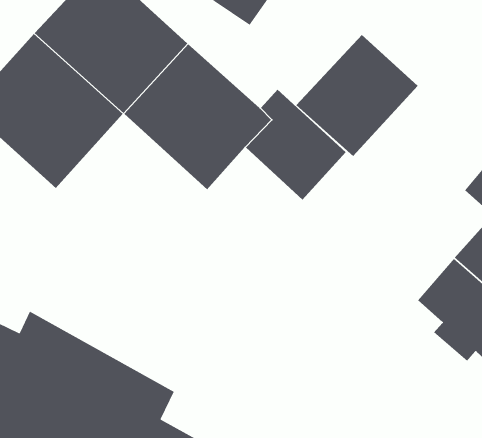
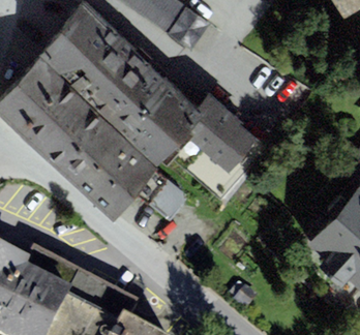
building: [296,34,418,157] -> none
building: none -> [52,103,186,211]

